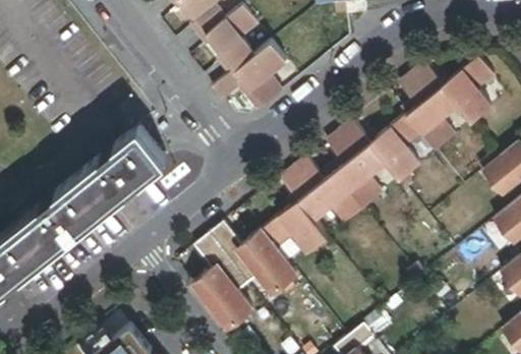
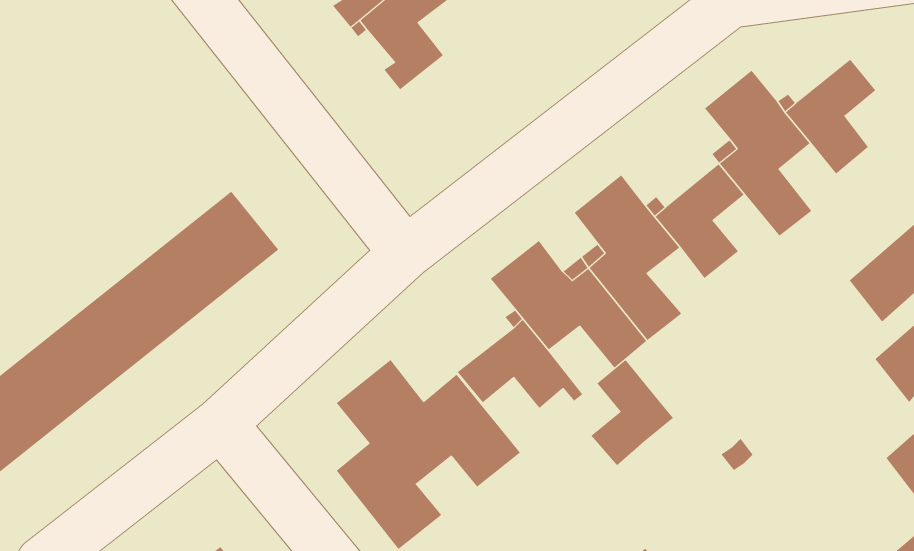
building: [214,39,288,109] -> none
building: none -> [591,359,674,466]

